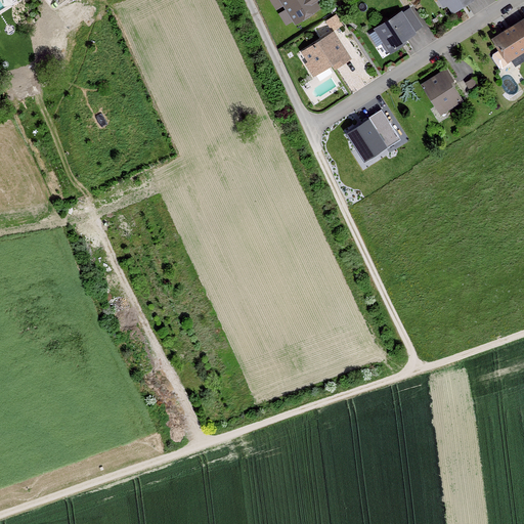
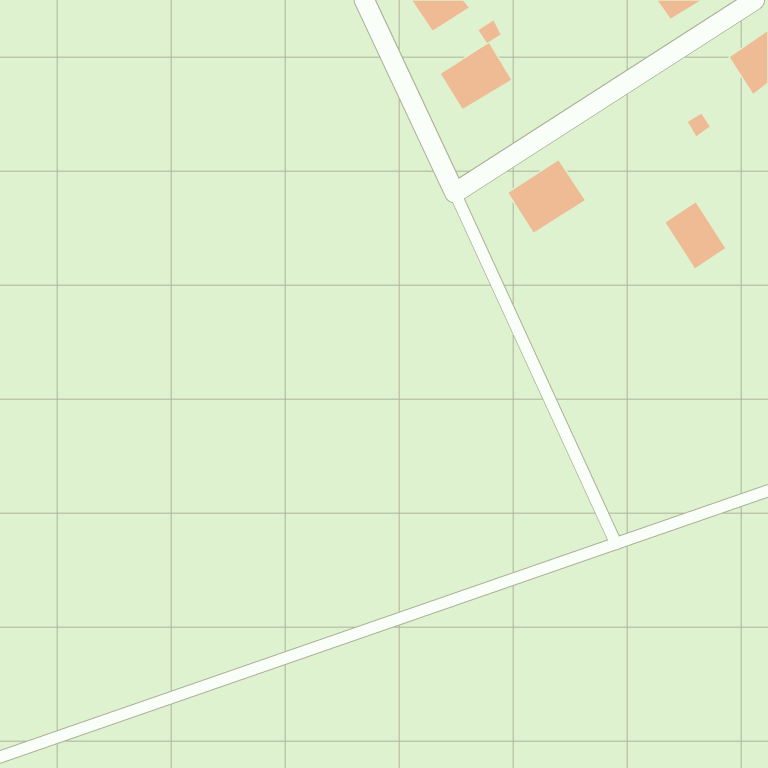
building: [374,10,414,53] -> none
building: [424,71,466,117] -> [664,201,726,269]

